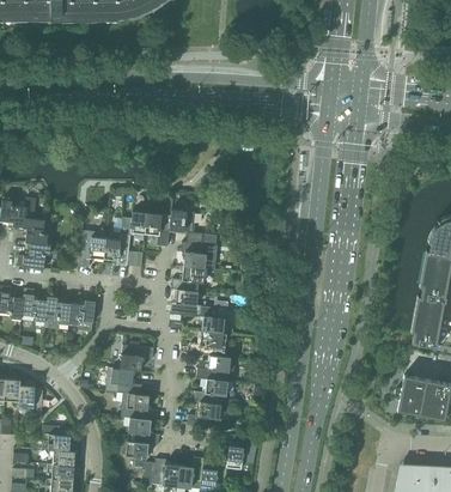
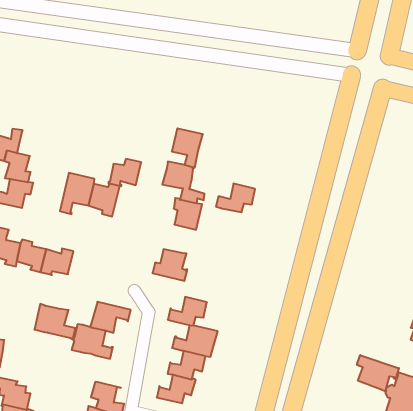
building: [145,213,171,247] -> [172,128,203,168]
building: [171,266,205,291] -> [216,184,255,212]
building: [200,306,227,333] -> none
building: none -> [357,355,399,391]
building: [121,393,158,421] -> [34,304,76,340]

